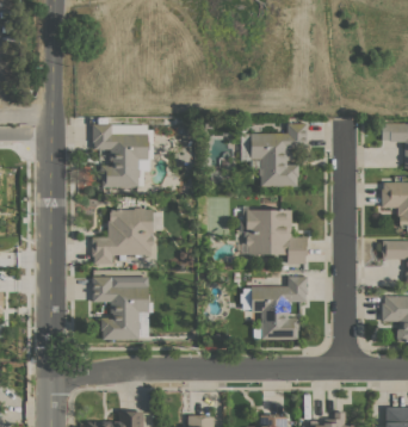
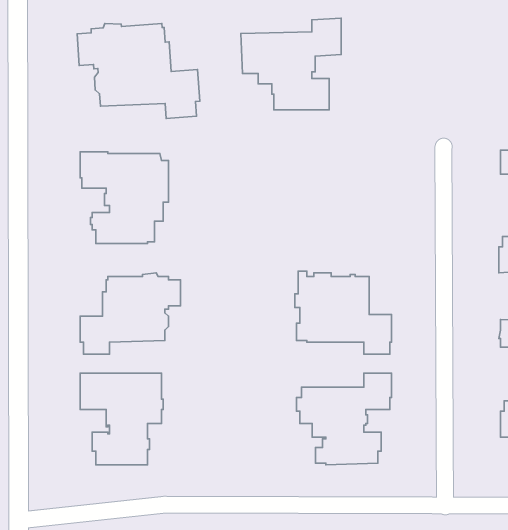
building: none -> [77,23,200,118]
building: [237,123,307,186] -> [241,18,341,110]

